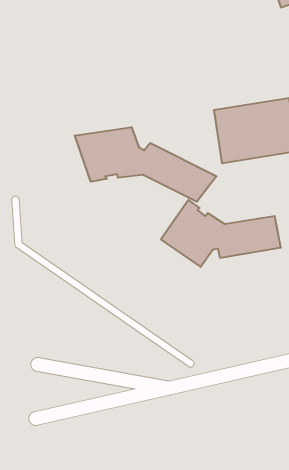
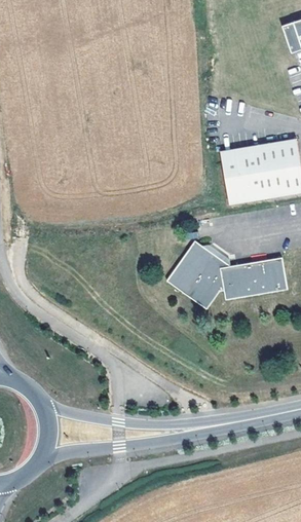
building: [75,127,217,202] -> none

